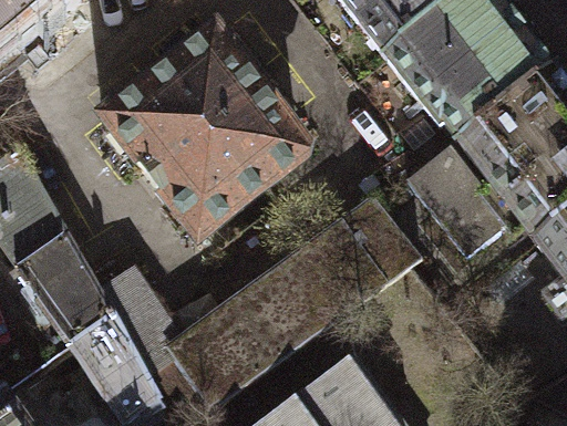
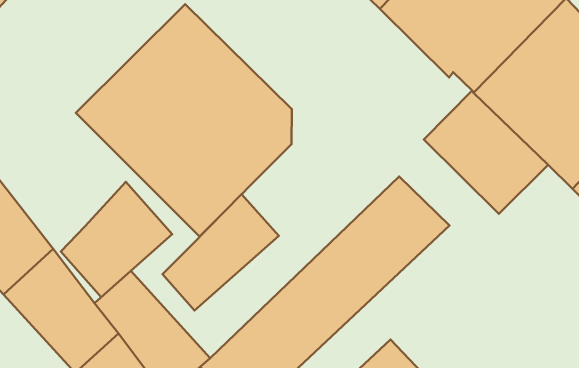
building: none -> [61,182,172,297]
building: none -> [163,194,279,310]

